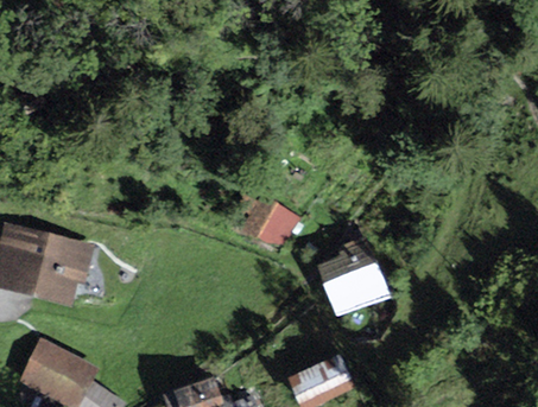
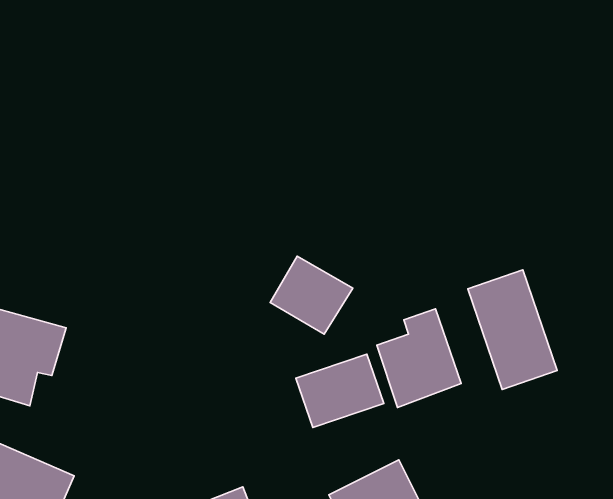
building: none -> [468,270,557,389]
building: none -> [296,354,384,428]

